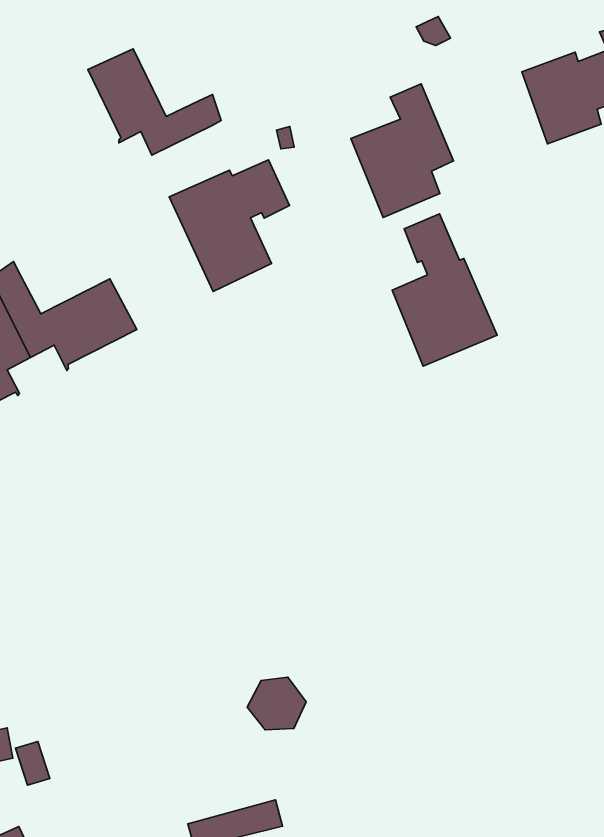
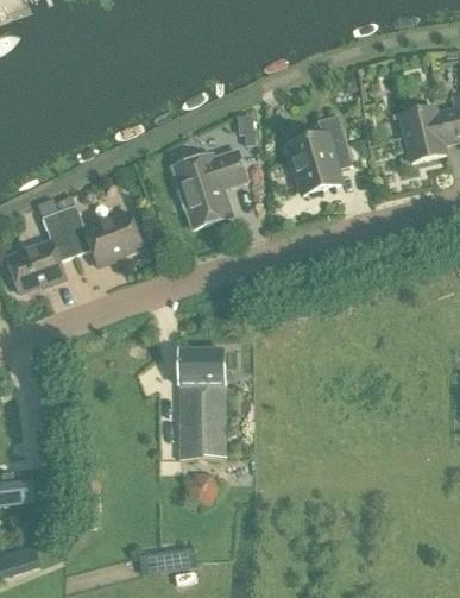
building: [88,49,221,155] -> none
building: [392,214,497,366] -> none
building: none -> [178,348,223,458]

